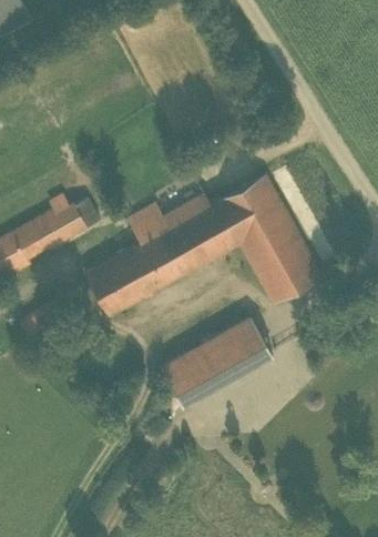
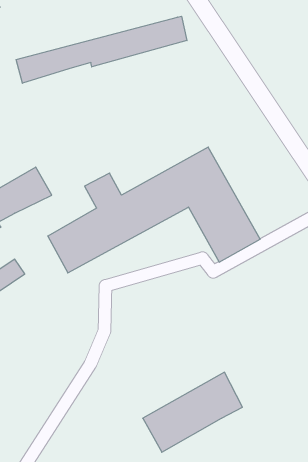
building: none -> [16,16,187,83]
building: [159,316,269,405] -> [143,372,242,452]

